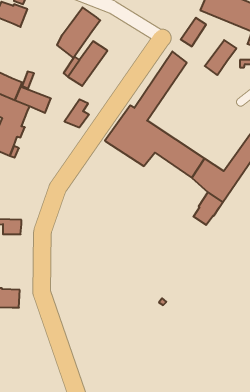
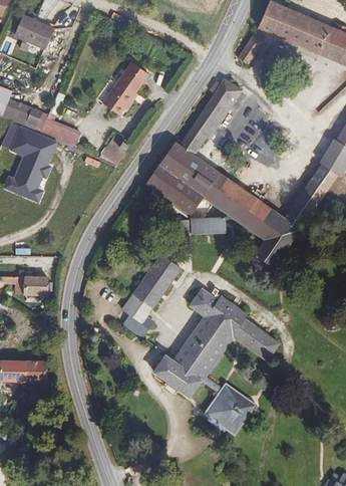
building: [57,7,100,58] -> none
building: [205,40,236,75] -> none
building: none -> [191,215,227,233]
building: none -> [122,254,177,336]
building: none -> [151,288,277,431]

